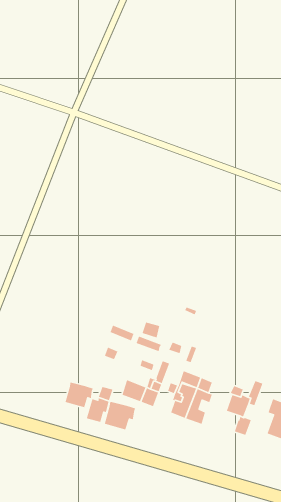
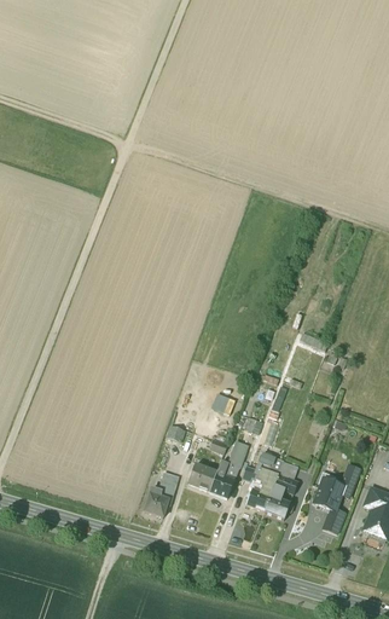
building: [65,381,94,408] -> none
building: [104,400,136,431] -> none

